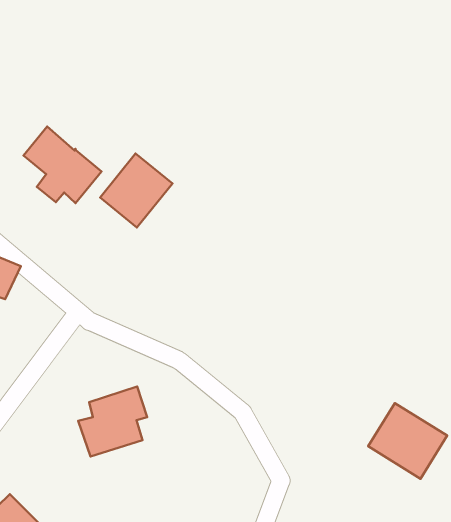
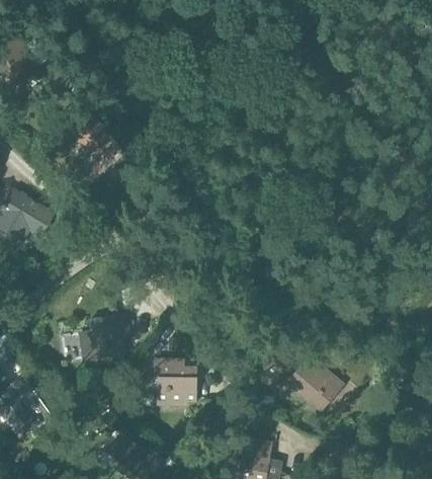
building: [100,154,172,227] -> none
building: none -> [152,360,198,403]

